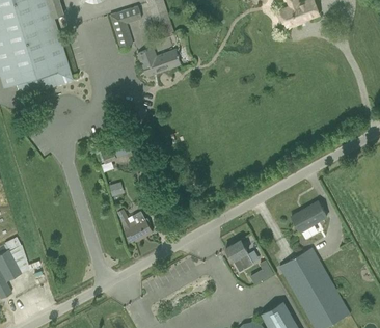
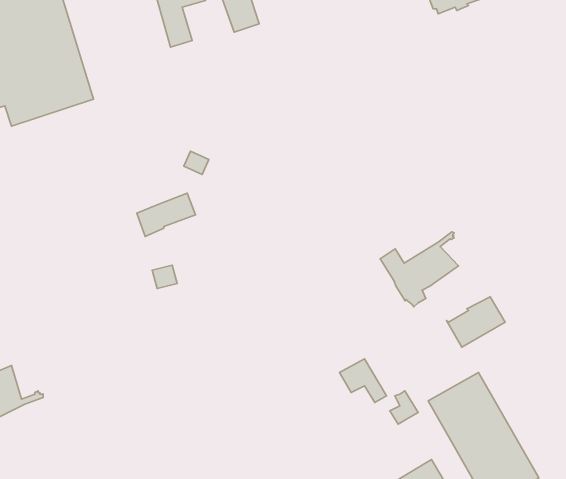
building: [138,47,181,77] -> none
building: none -> [380,232,458,307]
building: [117,209,153,242] -> none

